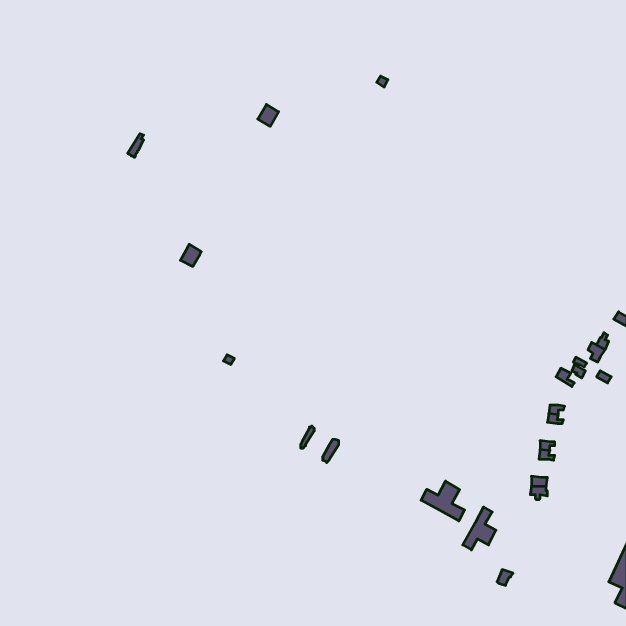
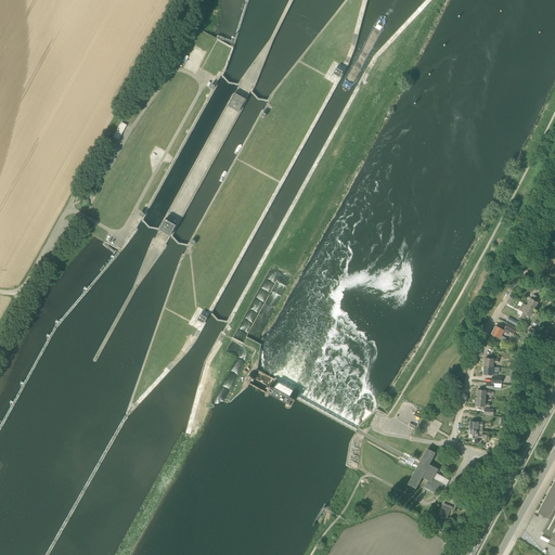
building: [421,481,465,521] -> none

